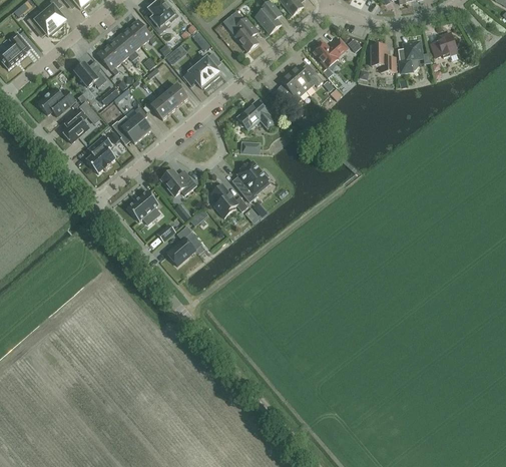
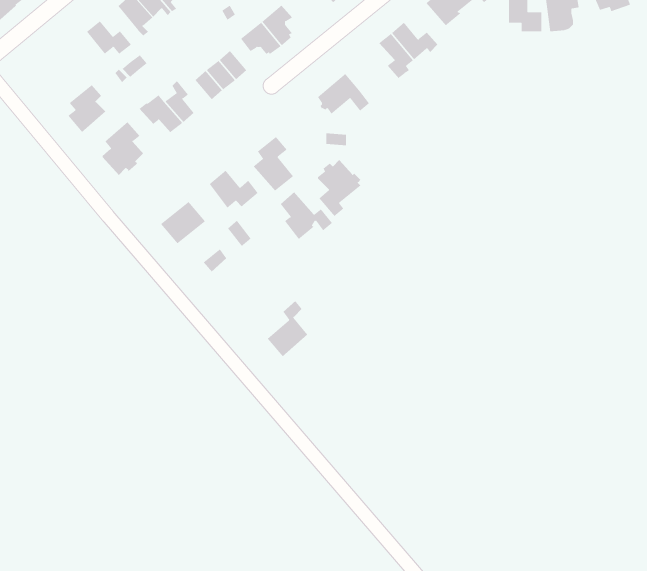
building: [38,87,75,115] -> none
building: none -> [253,136,294,191]
building: [166,225,195,266] -> [267,300,308,357]

